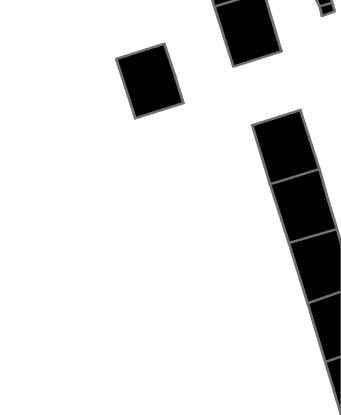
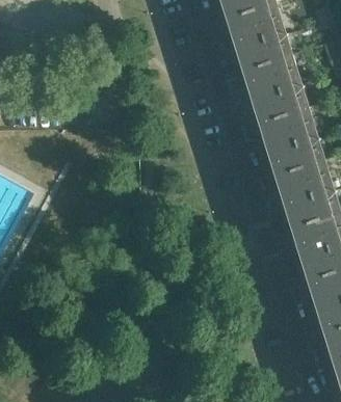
building: [116,44,184,118] -> [240,52,299,117]

